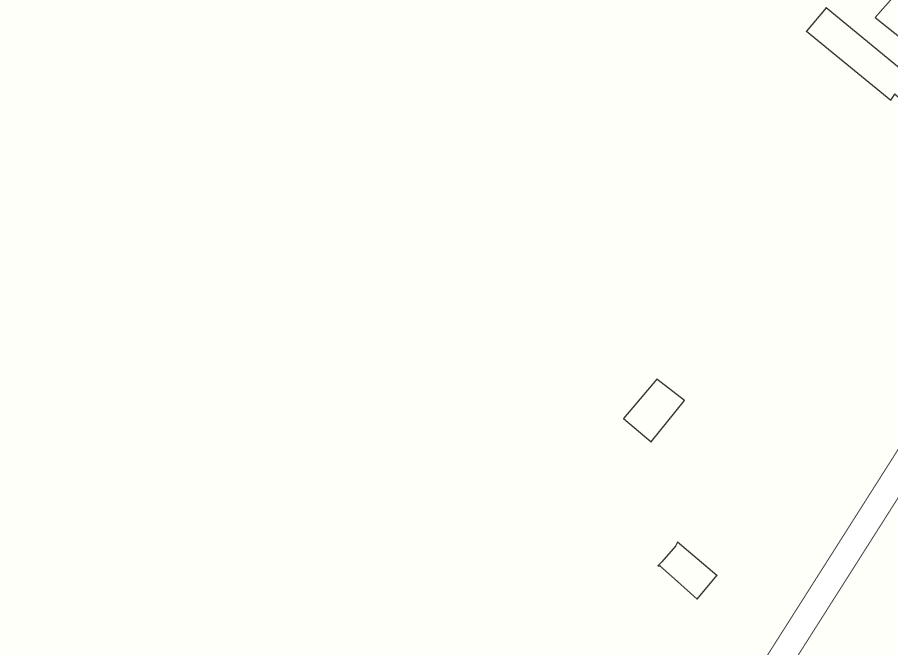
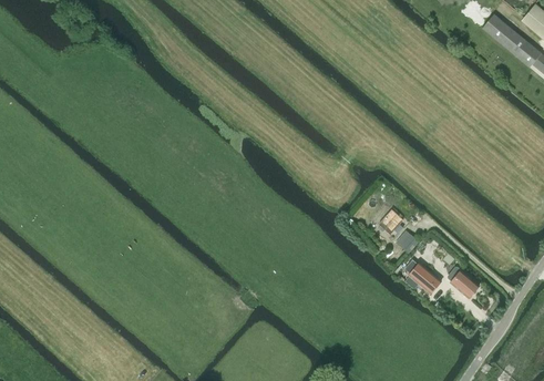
building: none -> [448,267,479,298]
building: [658,542,717,599] -> [408,262,441,295]

